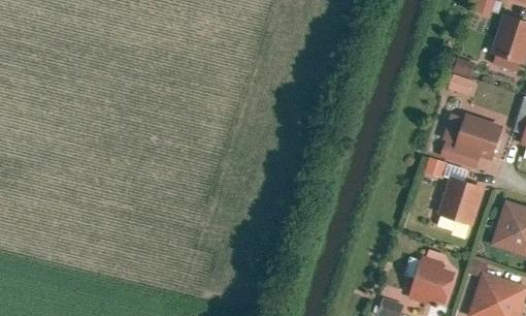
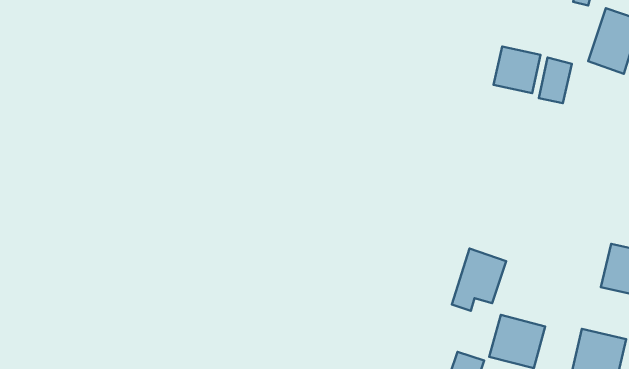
building: none -> [494,47,540,93]
building: [455,115,500,159] -> none
building: [437,178,482,228] -> [452,249,506,311]

